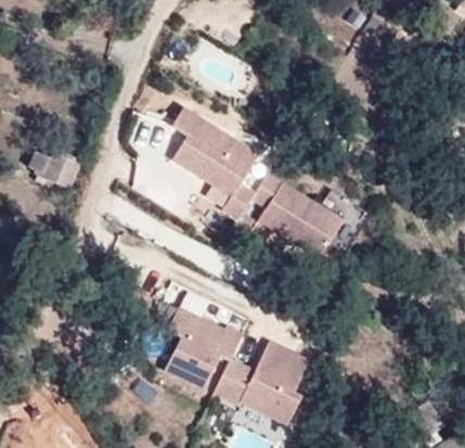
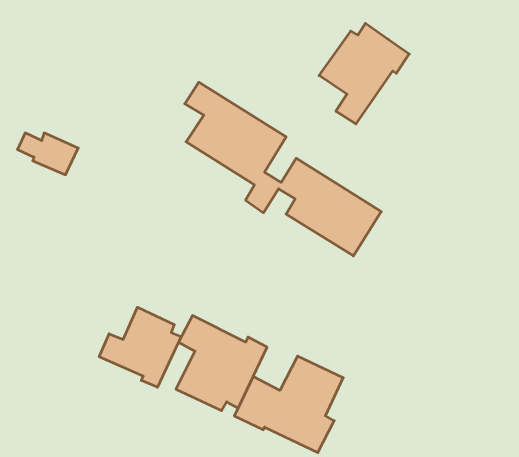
building: none -> [319,23,409,124]
building: none -> [99,307,181,387]

